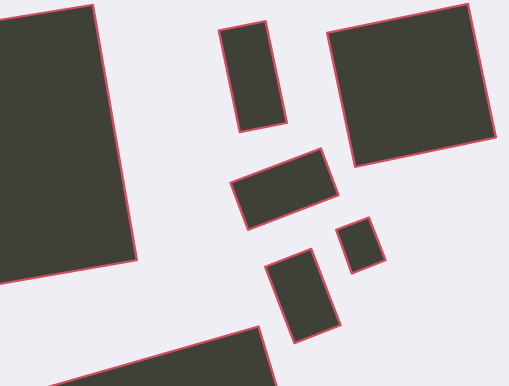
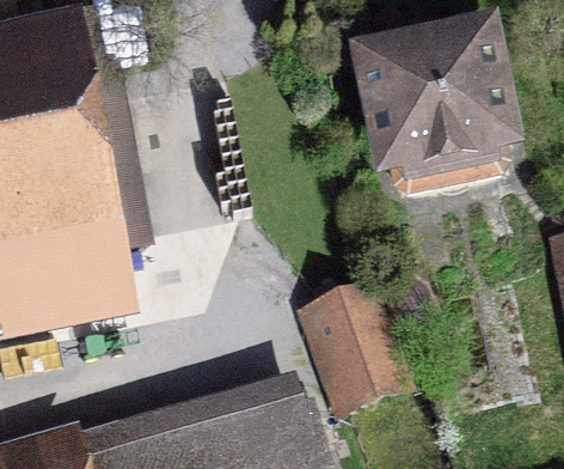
building: [219,21,287,132] -> none
building: [231,148,338,230] -> none

